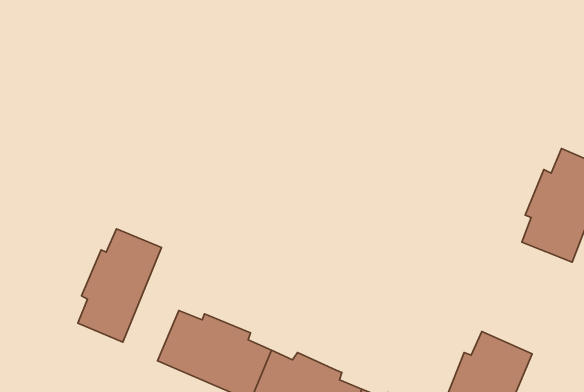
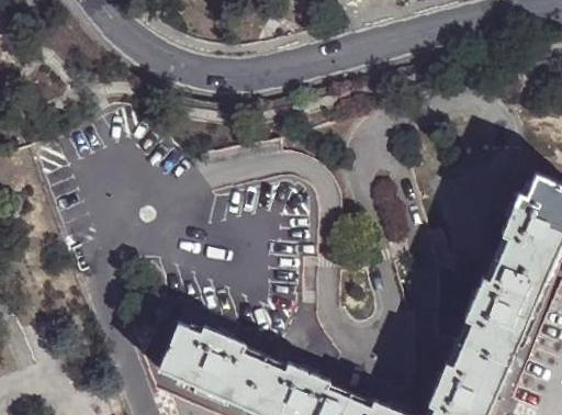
building: [78,229,161,342] -> none
building: none -> [462,260,547,364]

